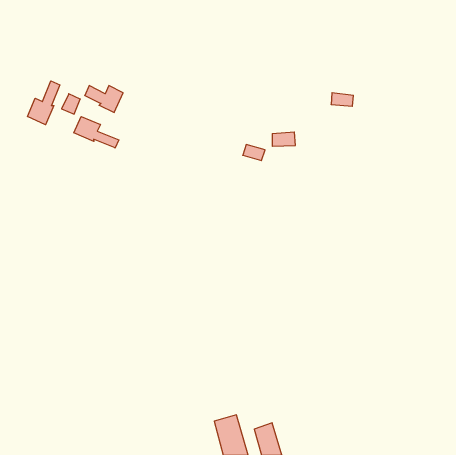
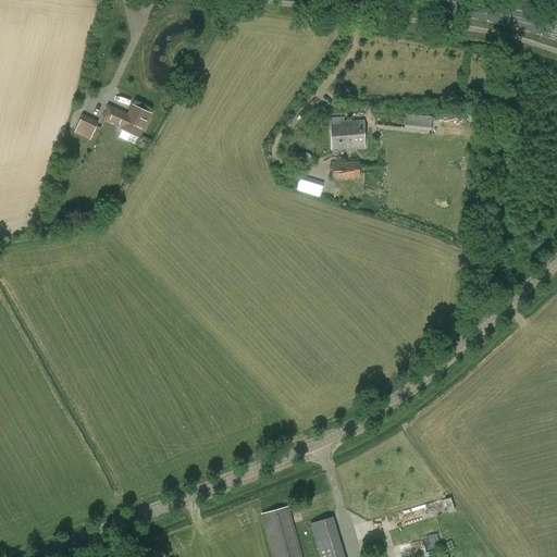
building: [28,81,60,125] -> none
building: none -> [331,121,364,149]
building: [74,117,119,148] -> none

